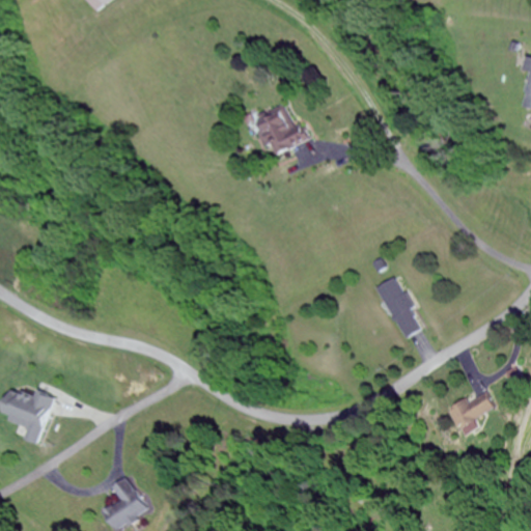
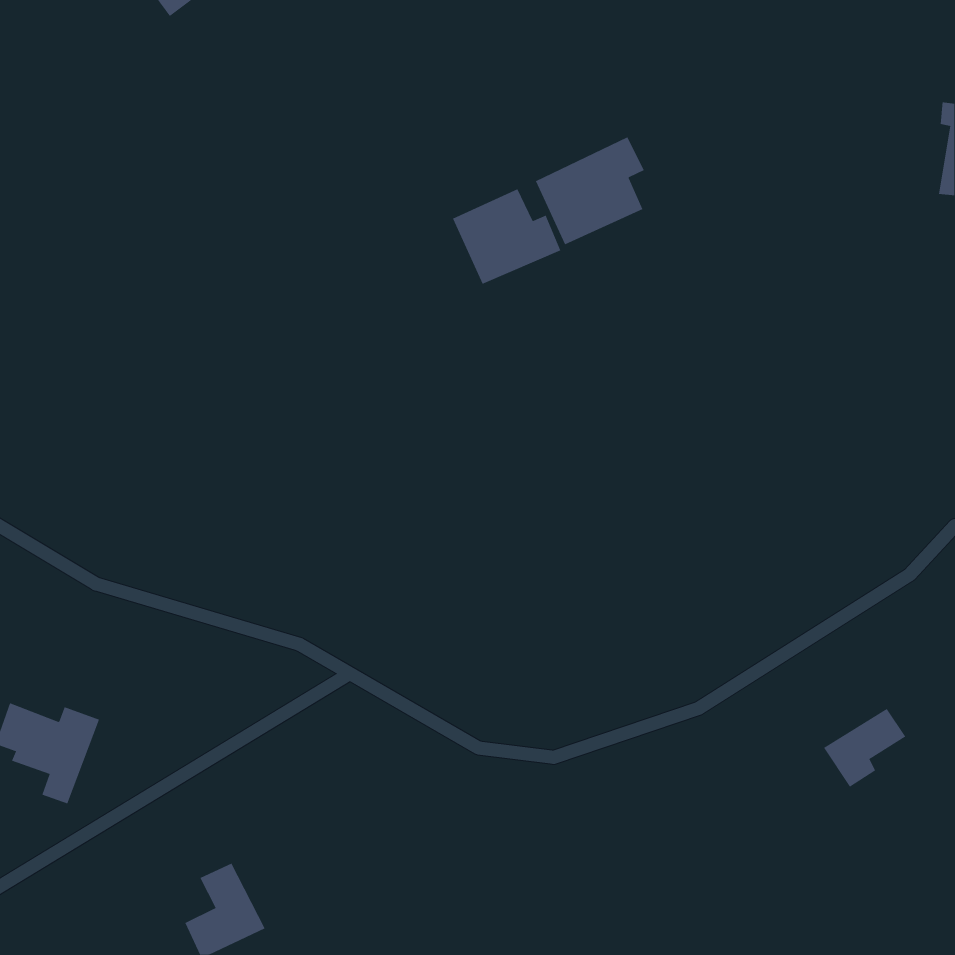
building: none -> [535,136,645,245]
building: [375,275,424,337] -> none

